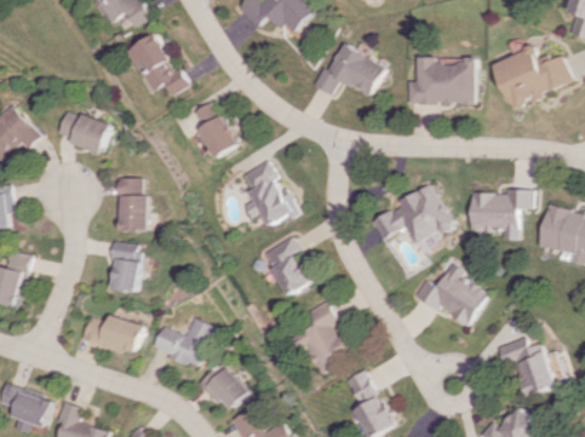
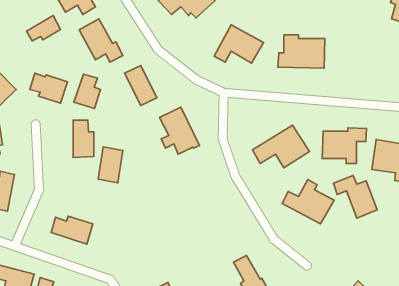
building: none -> [26,16,60,41]
building: [489,47,569,107] -> none
building: none -> [74,74,100,109]
building: [260,237,308,297] -> none
building: [105,241,140,292] -> [98,147,123,183]
building: [296,301,351,374] -> none
building: [150,318,211,367] -> none
building: [497,337,558,397] -> [334,176,377,218]
building: [197,362,248,409] -> none

